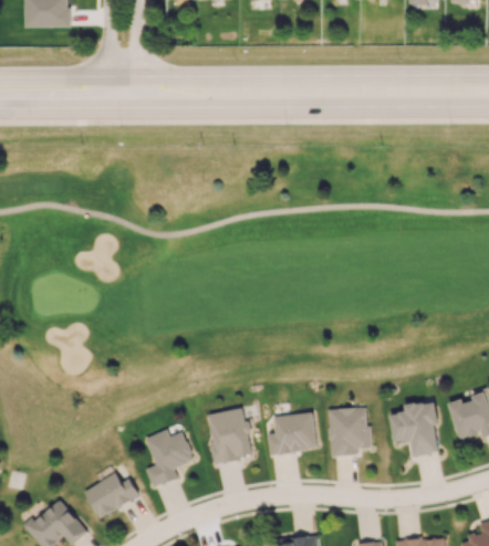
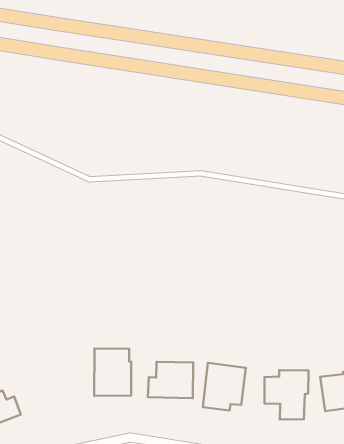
building: [145,429,194,487] -> none

